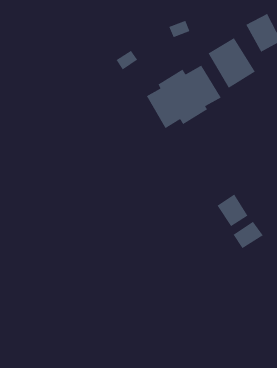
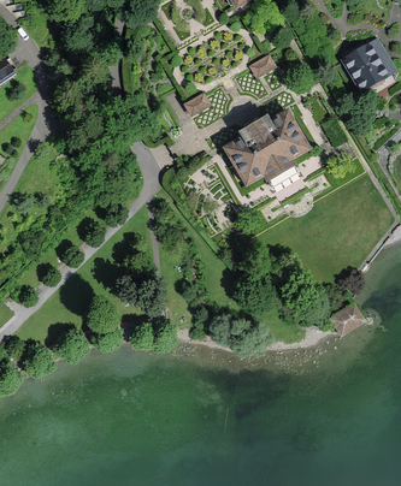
building: [208,37,256,89] -> none
building: [217,194,248,227] -> none

